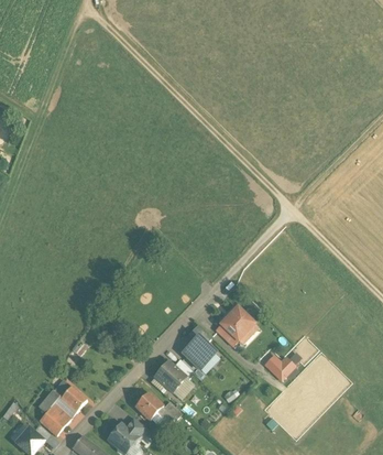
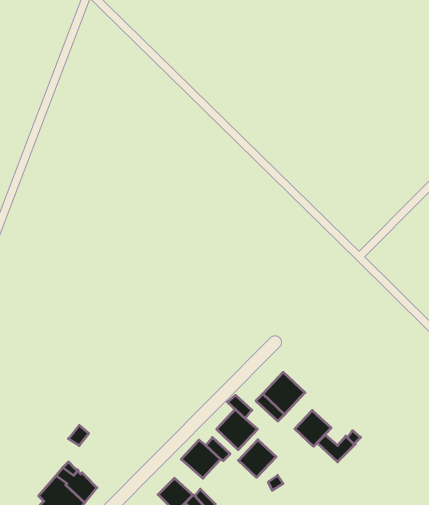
building: none -> [295,410,331,446]
building: none -> [238,440,276,477]

